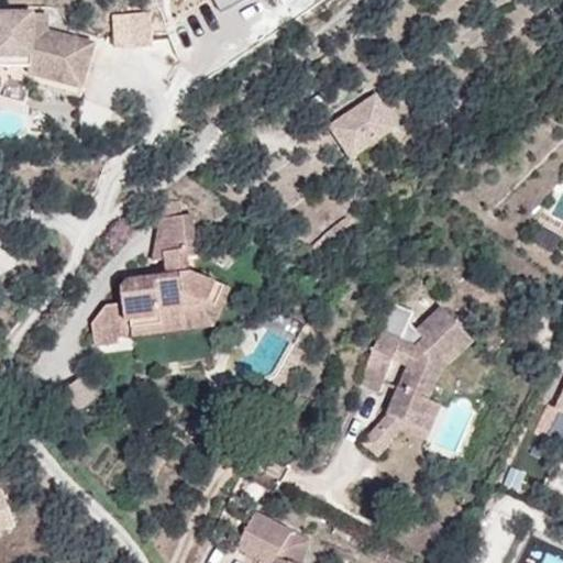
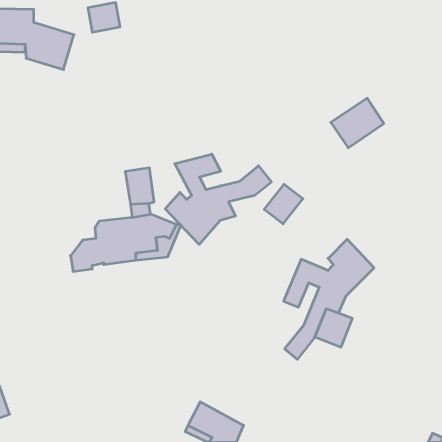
building: [328,93,395,156] -> [331,98,384,148]
building: none -> [165,154,271,244]
building: none -> [264,184,303,224]

